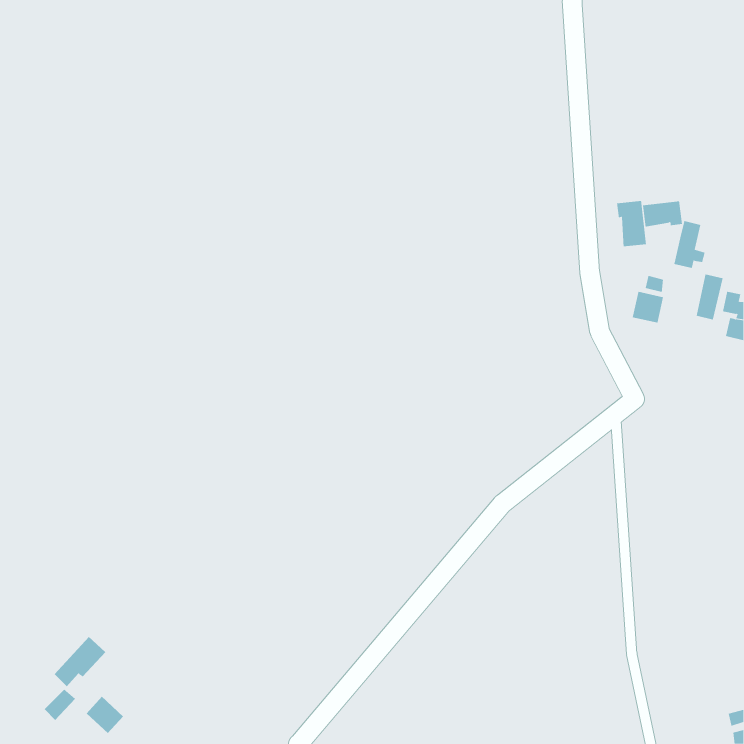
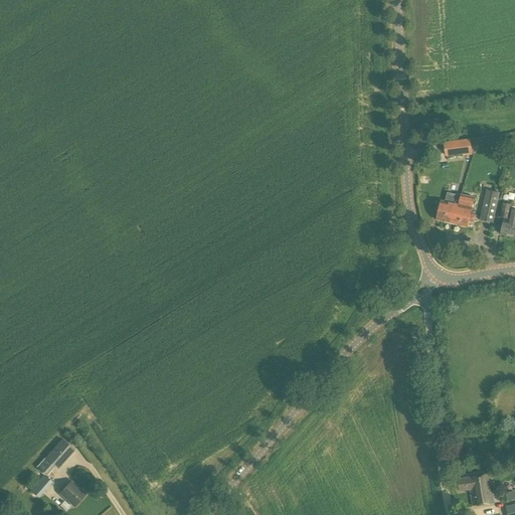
building: [617,200,647,247] -> none
building: [674,220,706,268] -> [455,193,477,226]
building: none -> [458,472,495,505]

